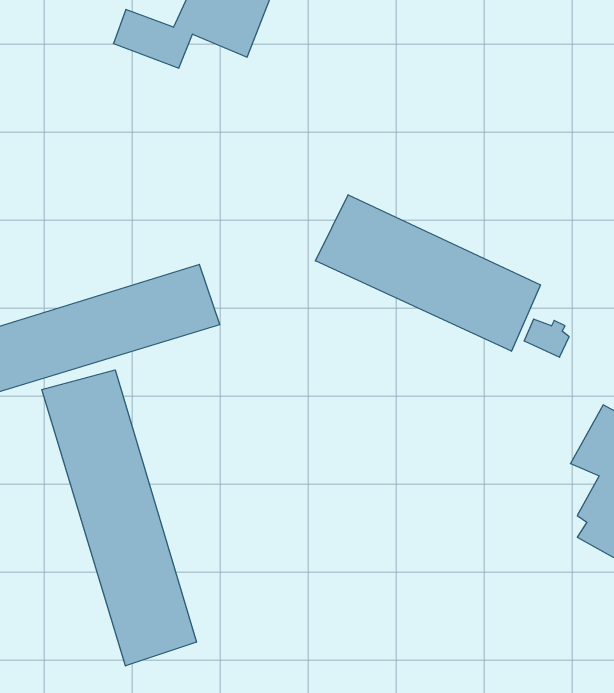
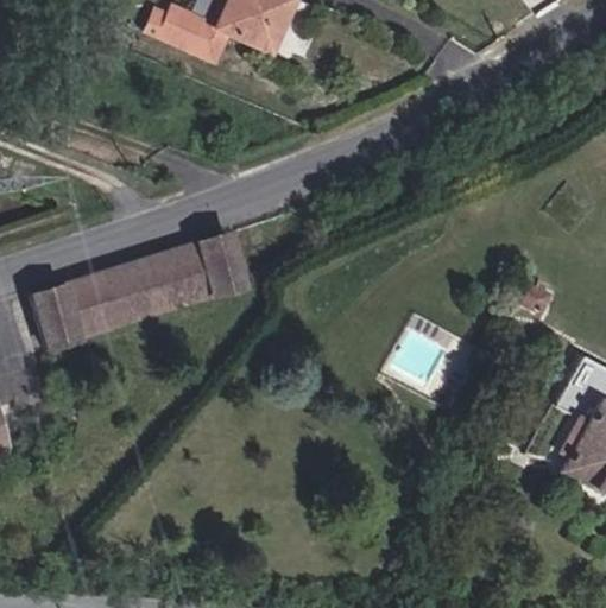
building: [315,195,540,351] -> none
building: [42,370,196,666] -> none

